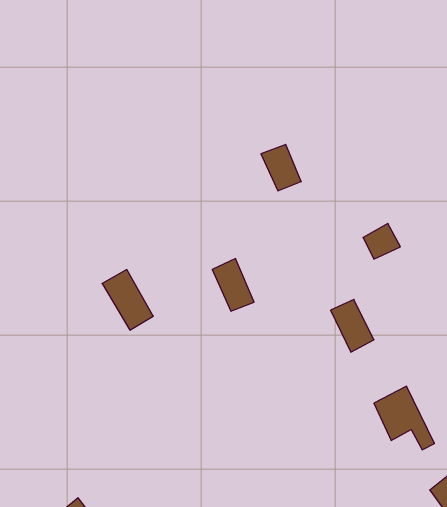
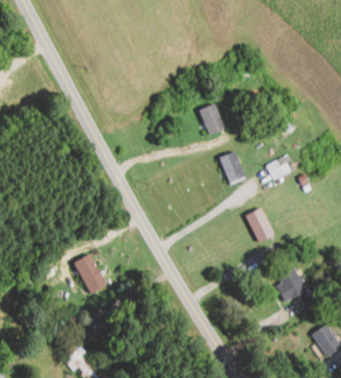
building: [212,259,254,311] -> [218,151,246,186]
building: [102,270,153,330] -> [73,253,107,294]

